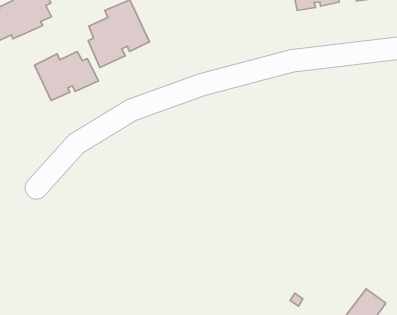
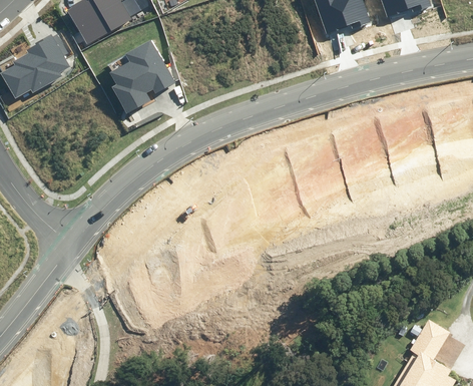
building: [35,51,98,101] -> none

